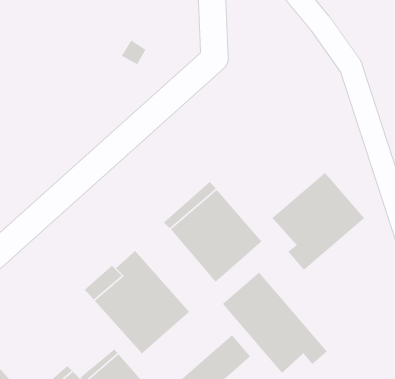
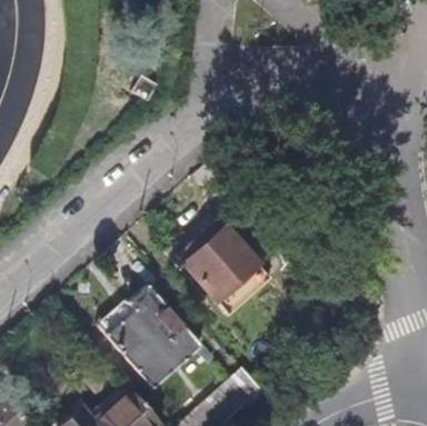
building: [271,172,365,271] -> none
building: [222,272,328,374] -> none

